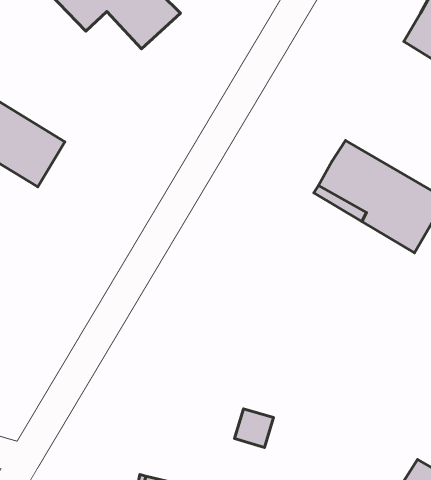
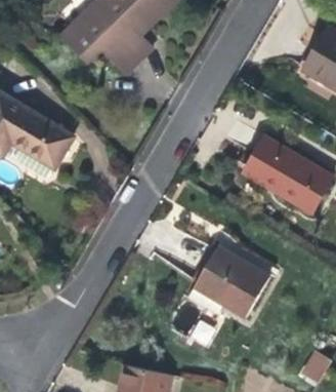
building: none -> [188,246,269,316]

